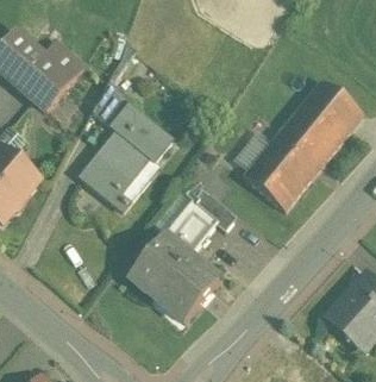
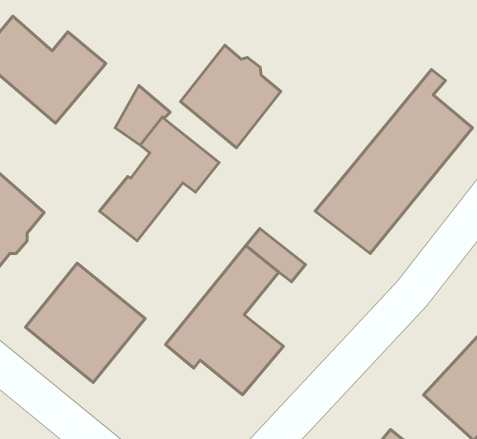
building: none -> [180,45,281,148]
building: none -> [25,263,145,383]

